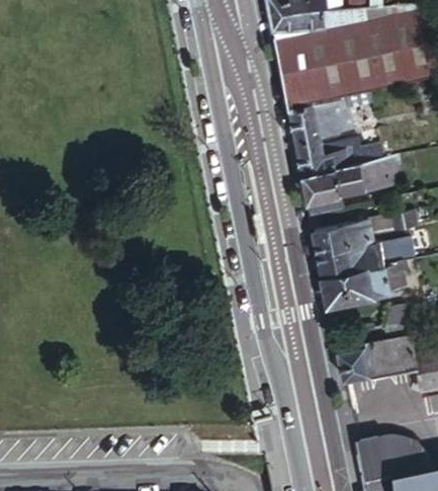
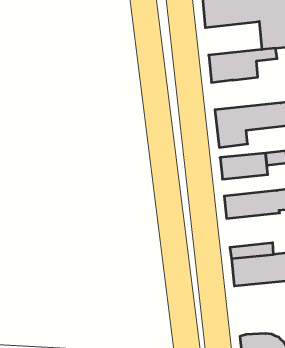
building: [282,64,352,109] -> none
building: [295,137,380,174] -> none
building: [319,244,384,276] -> none

